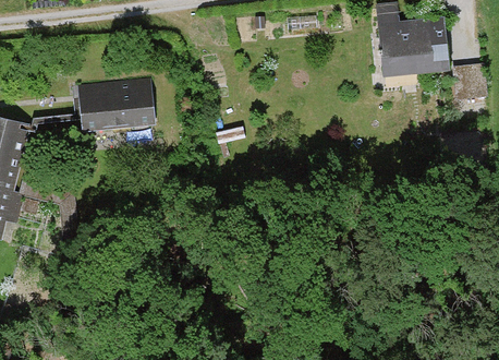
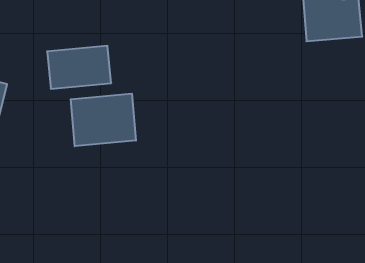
building: none -> [71,94,136,146]

